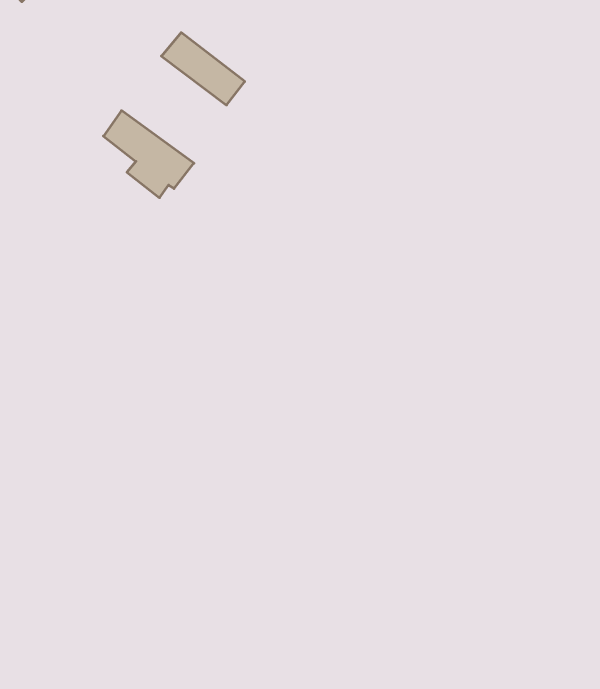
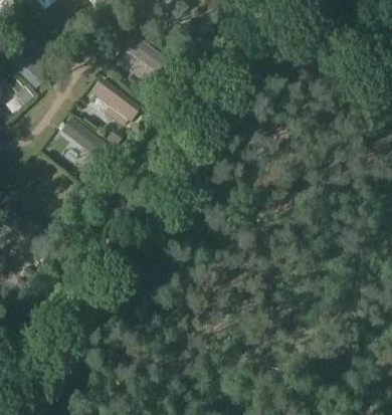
building: none -> [60,115,108,156]

